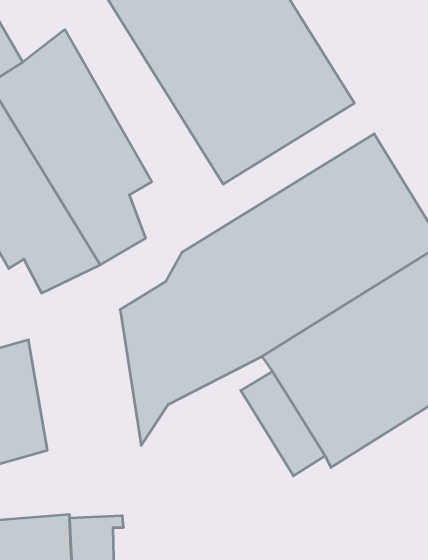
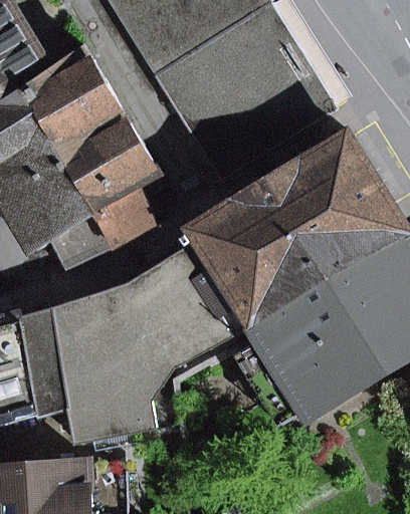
building: none -> [53,284,155,441]

